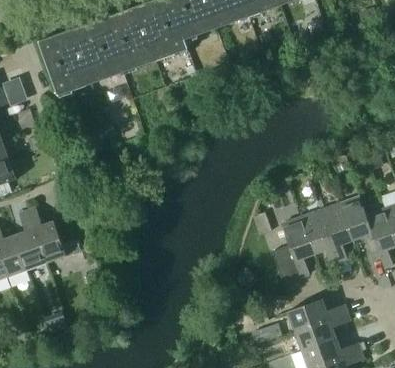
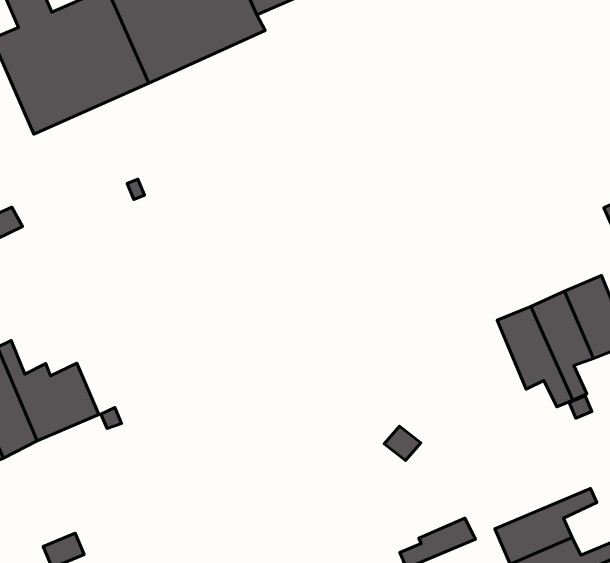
building: [270,216,315,281] -> none
building: [285,298,346,330] -> none

